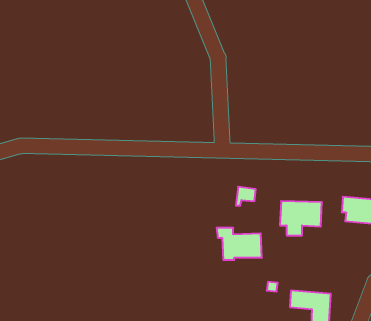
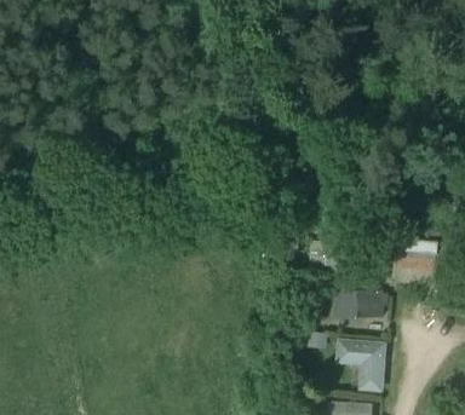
building: [217,228,262,260] -> [333,286,383,321]

